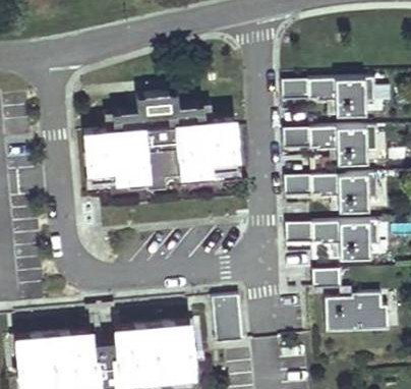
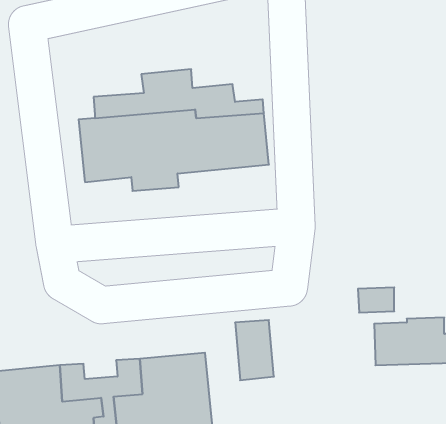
building: [283,78,376,117] -> none
building: [284,127,377,165] -> none
building: [286,174,379,213] -> none
building: [287,221,380,260] -> none

